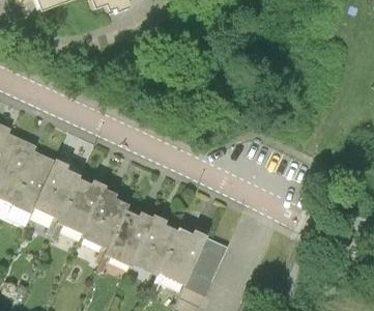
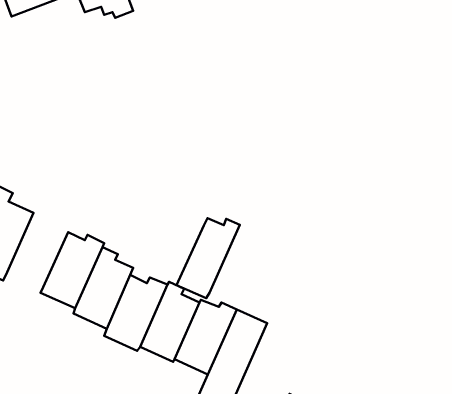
building: [33,157,80,218] -> none
building: none -> [177,218,240,298]

